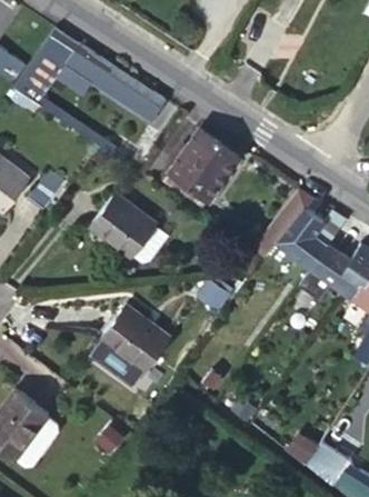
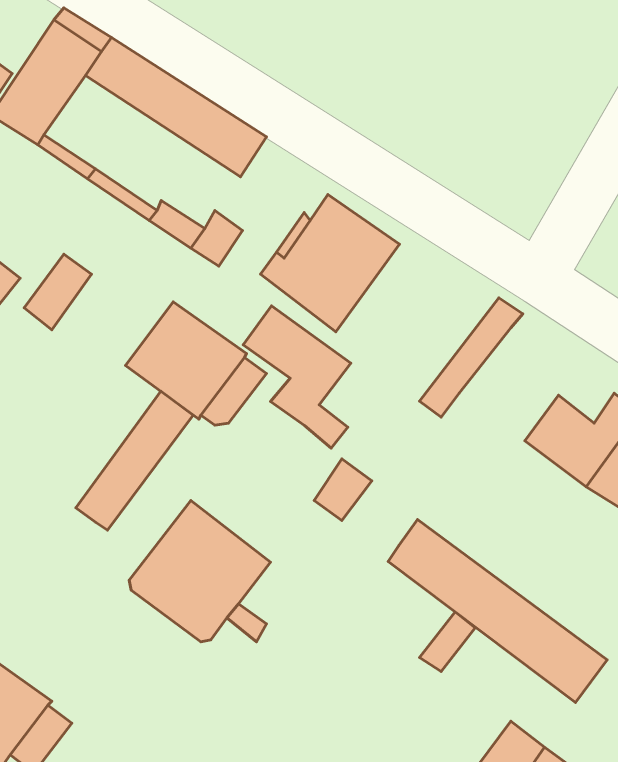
building: none -> [243,306,351,448]
building: [276,207,348,270] -> none
building: none -> [76,391,193,530]
building: none -> [388,520,607,702]

